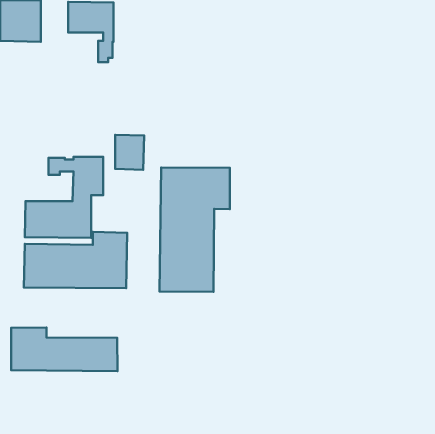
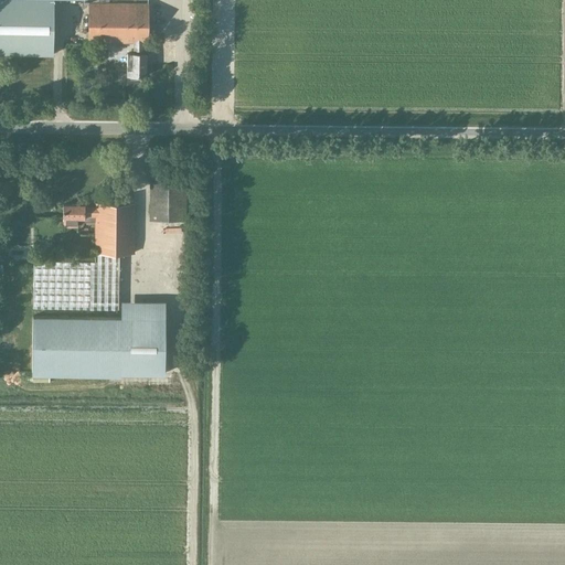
building: [159,167,230,292] -> none
building: [11,328,118,371] -> none

